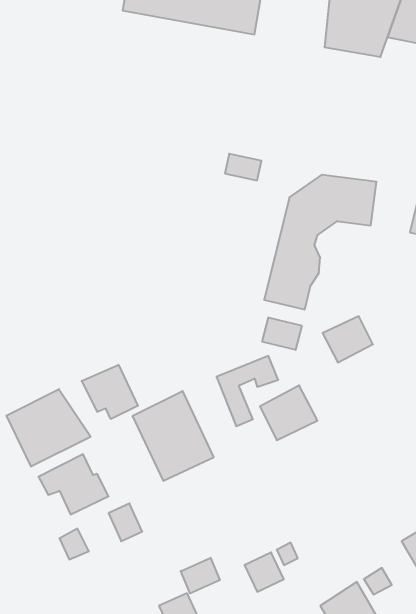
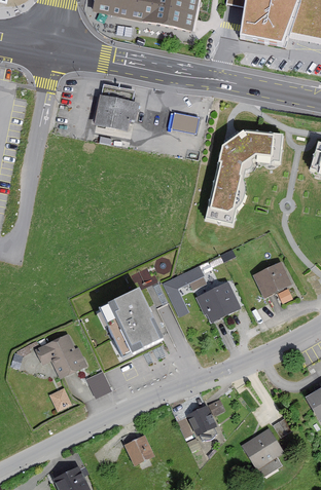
building: none -> [92,87,137,135]
building: [323,316,373,363] -> [252,265,289,299]
building: [262,317,302,350] -> none
building: [82,365,138,419] -> none
building: [6,389,91,467] -> none
building: [181,558,220,593] -> none

